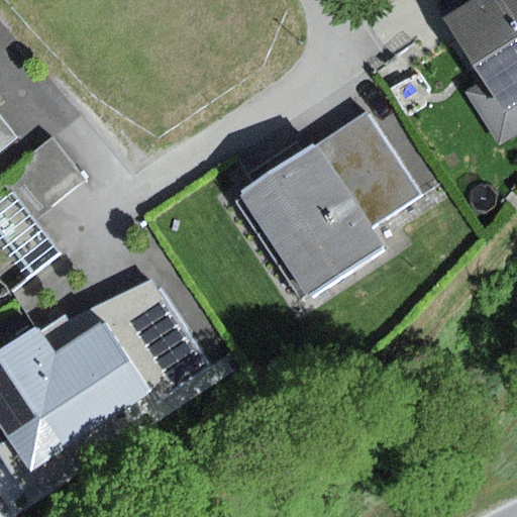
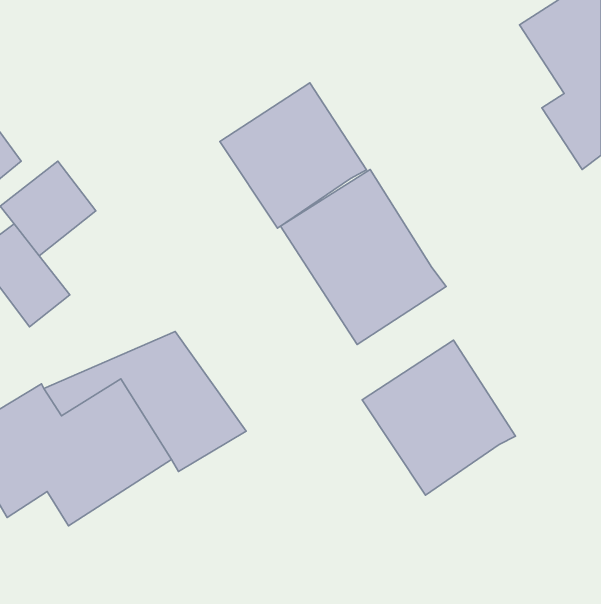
building: none -> [220,83,366,228]
building: [316,111,421,228] -> none
building: none -> [362,340,515,495]

